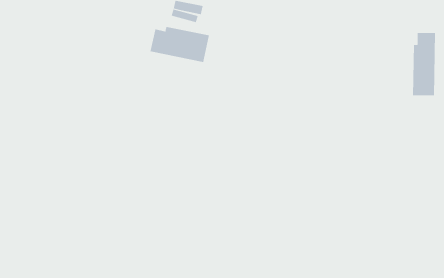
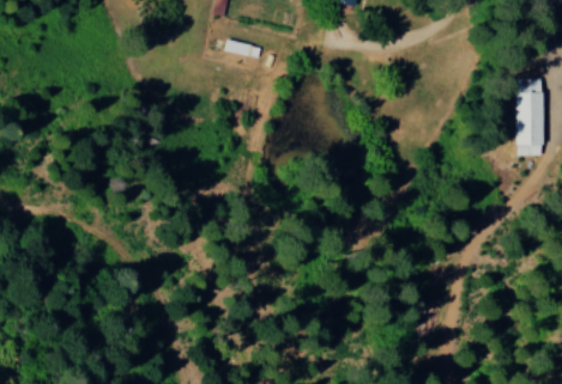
building: [150,26,209,63] -> none

